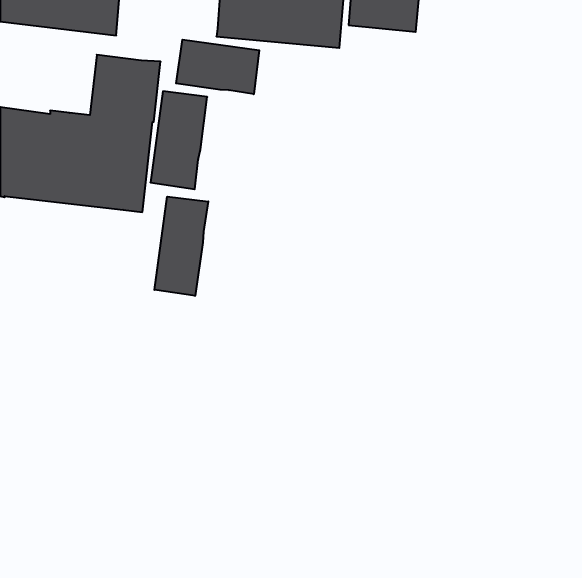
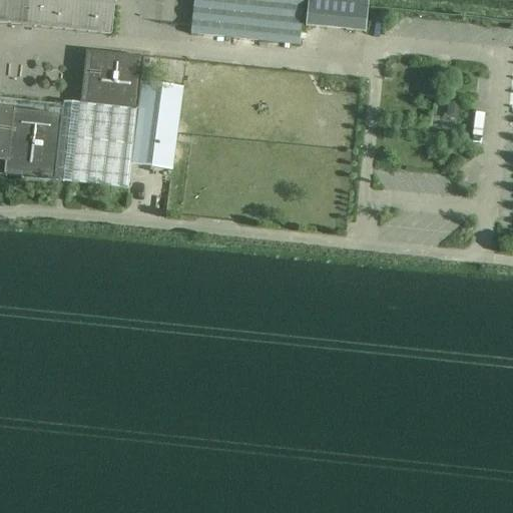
building: [176,40,259,94] -> none
building: [154,197,208,296] -> none

